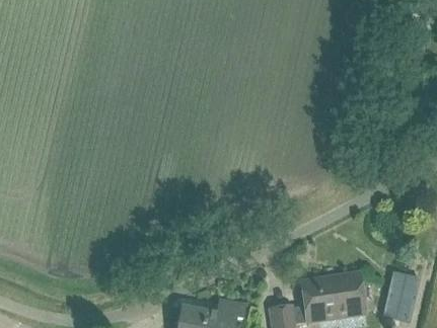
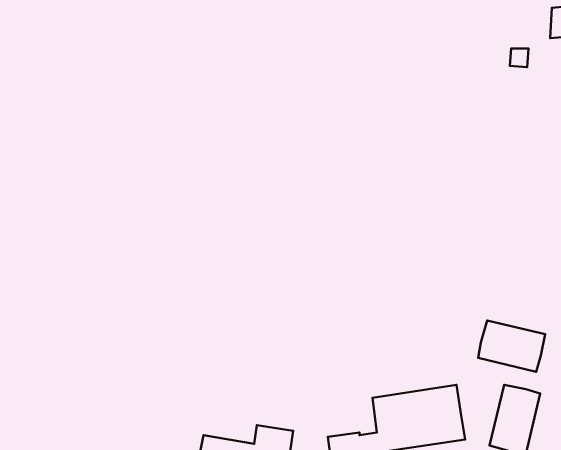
building: none -> [478,320,545,372]

